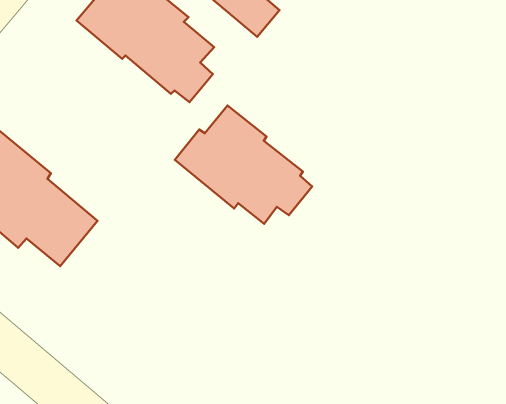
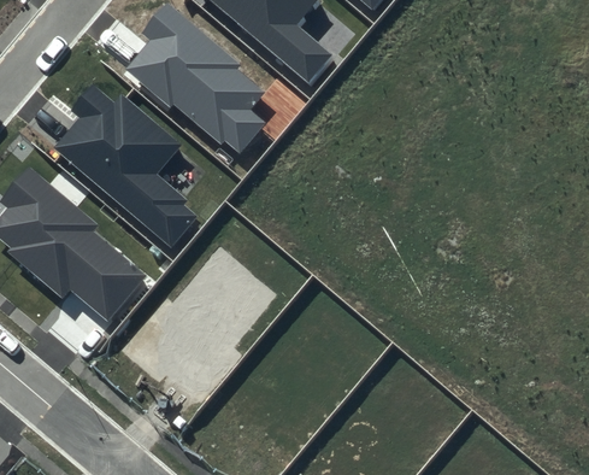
building: none -> [52,86,199,248]
building: [175,106,312,224] -> none

